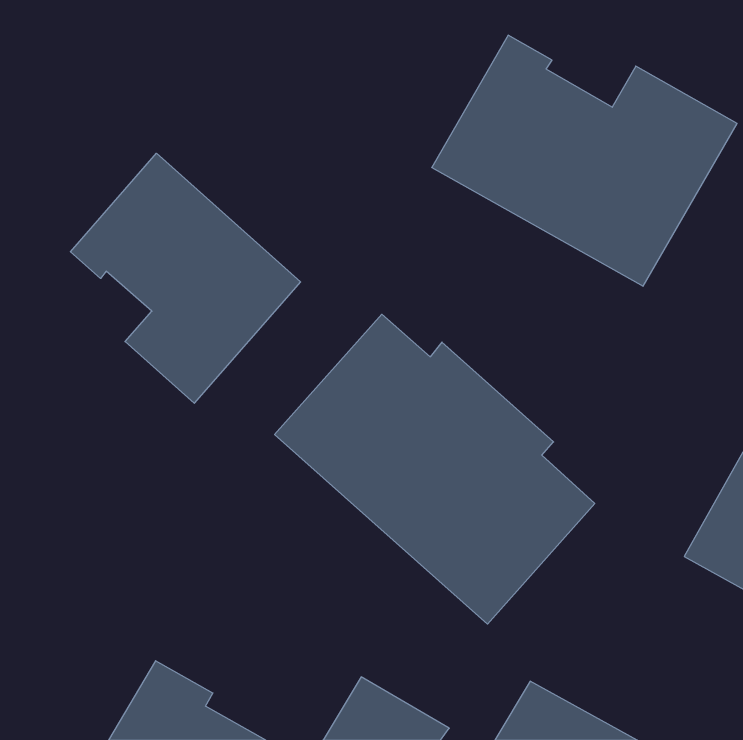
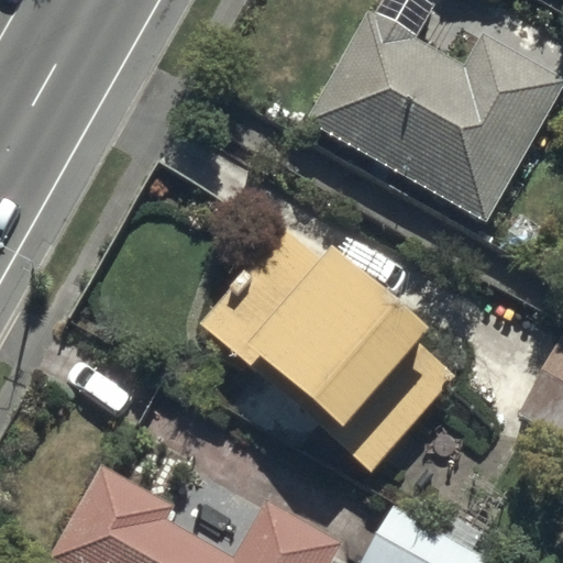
building: [70,153,301,403] -> none

